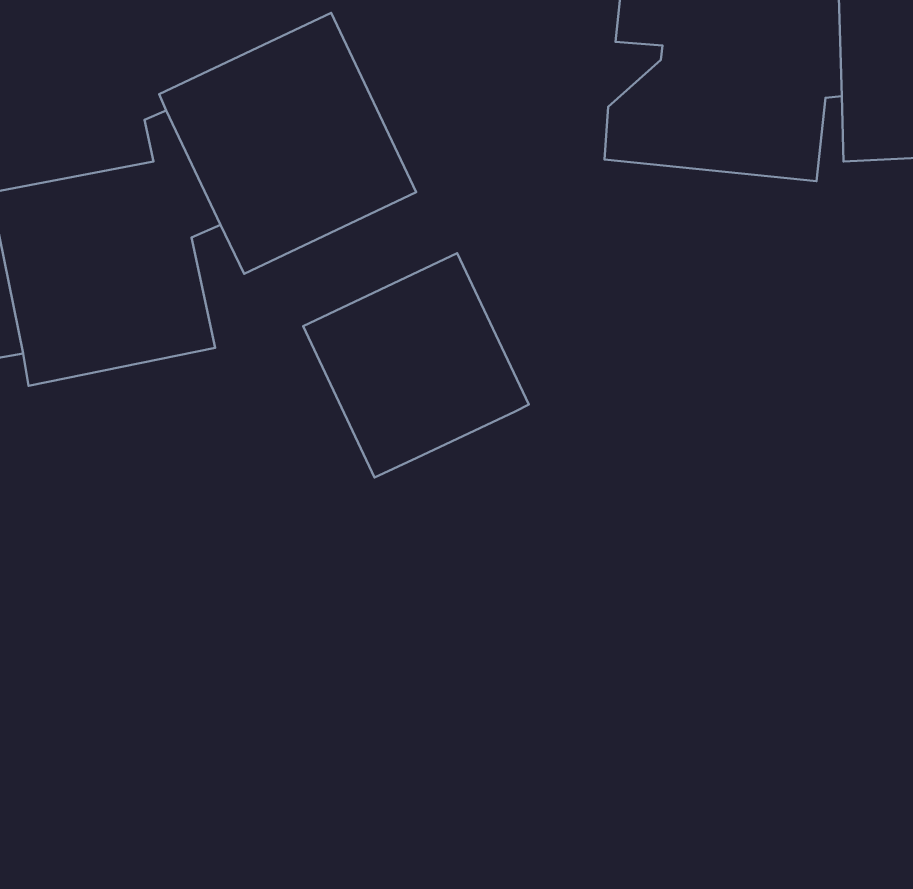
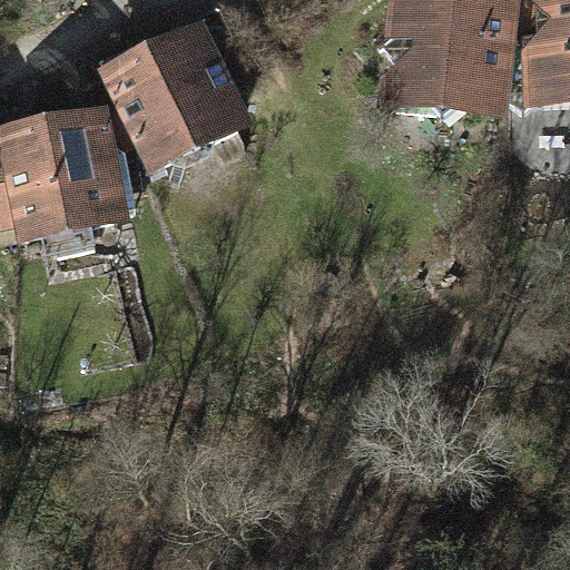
building: [303,253,529,478] -> none

